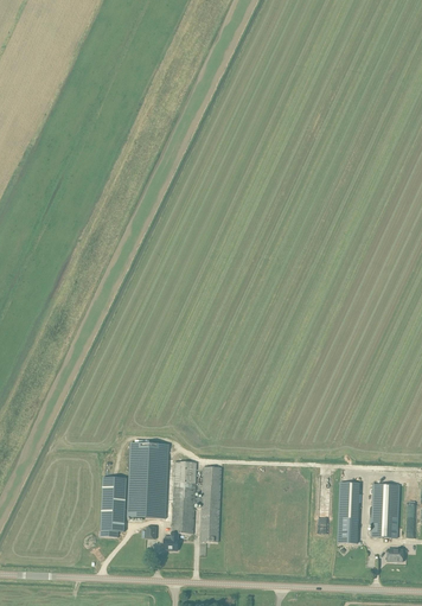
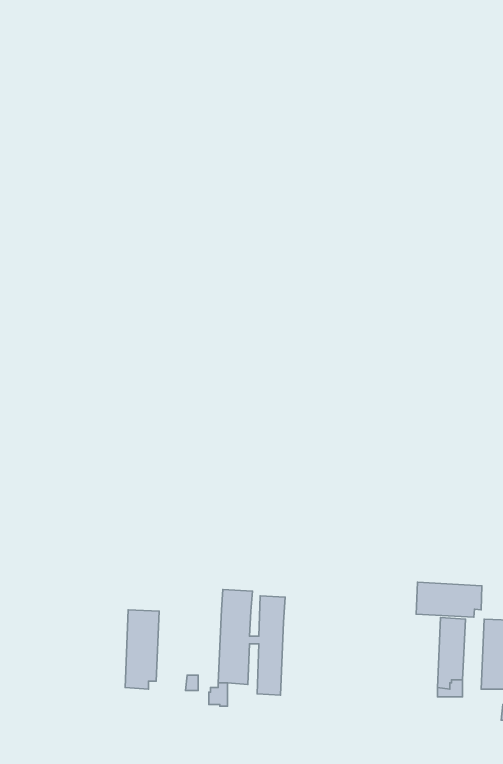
building: [127,441,168,517] -> none
building: none -> [416,582,482,617]

